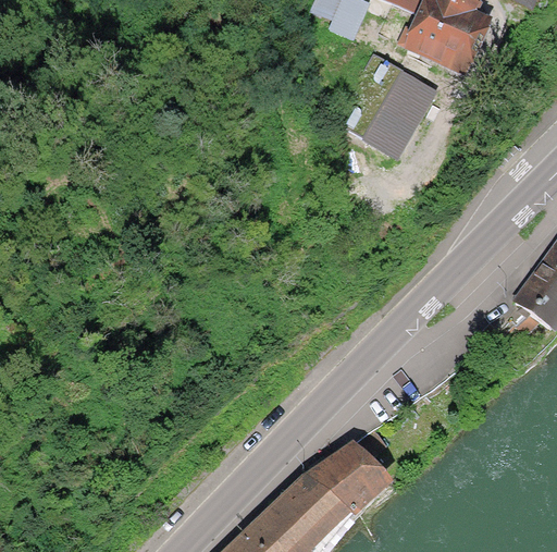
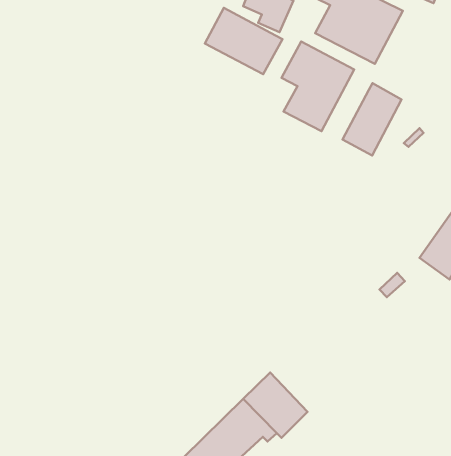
building: none -> [205,8,282,74]
building: none -> [342,83,402,155]

